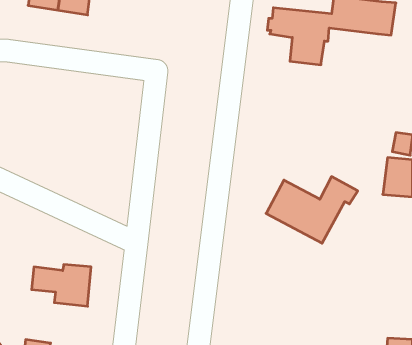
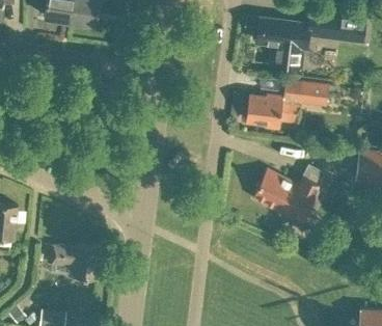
building: none -> [248,79,329,128]

